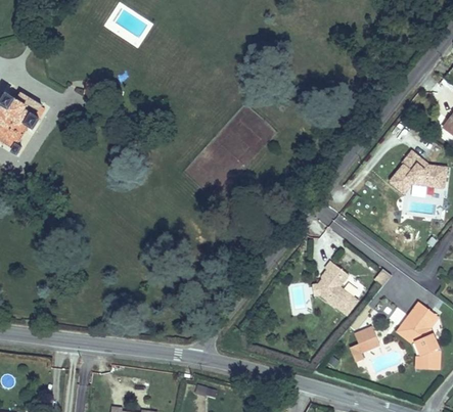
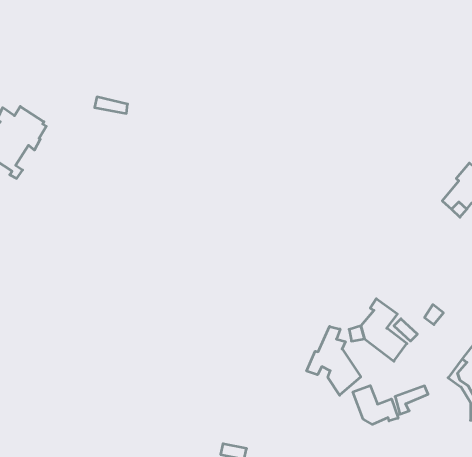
building: none -> [307,326,361,395]
building: none -> [353,386,398,424]

